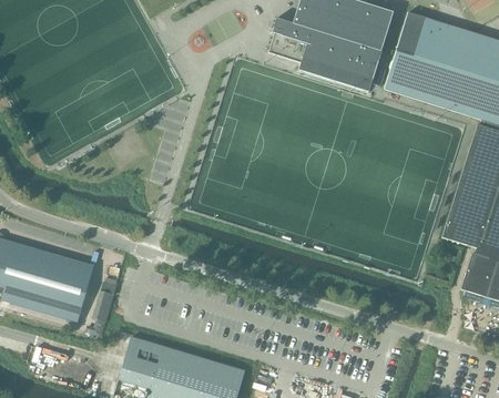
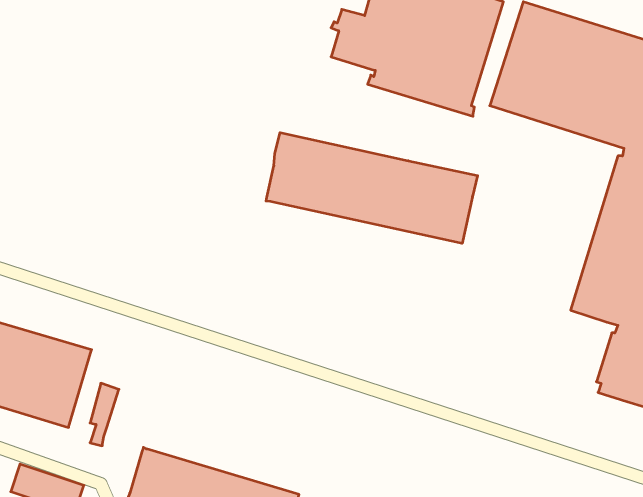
building: none -> [266,133,478,243]

